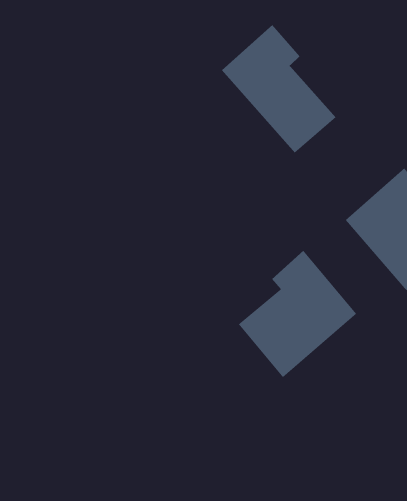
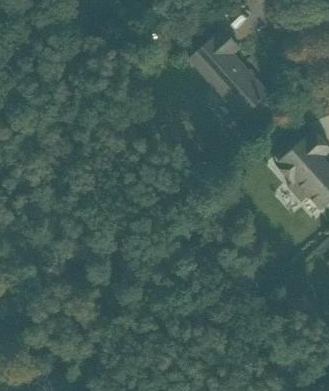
building: [238,250,357,378] -> none

